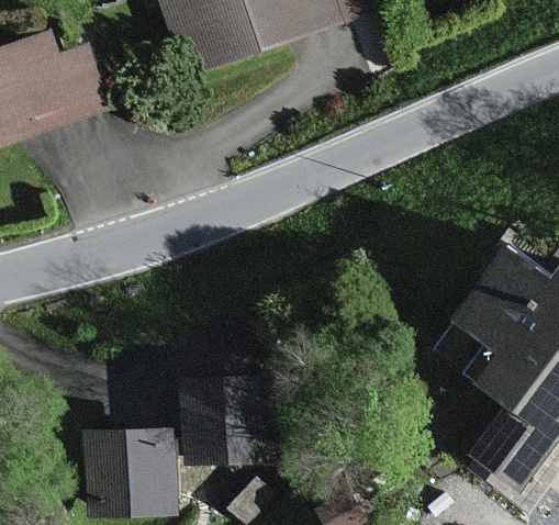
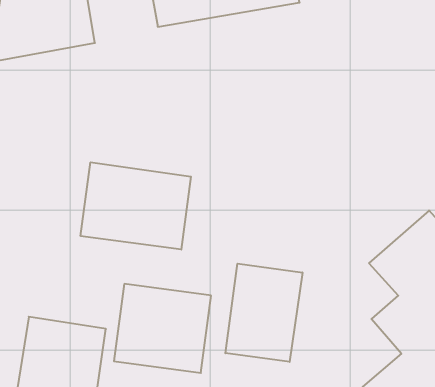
building: none -> [81,162,191,250]
building: none -> [225,264,302,362]

